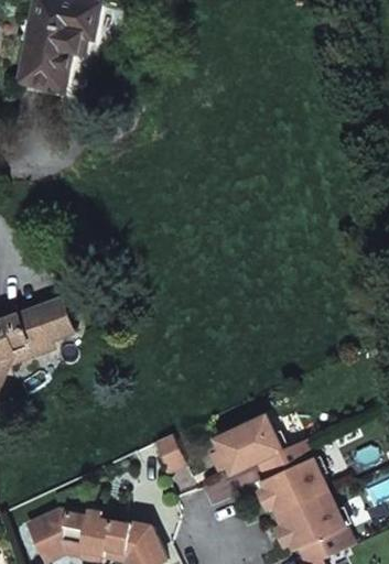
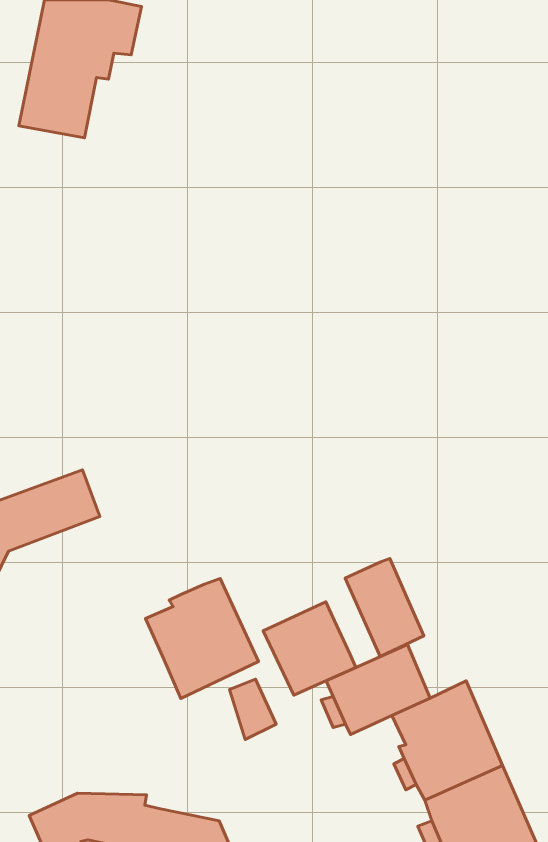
building: none -> [345,558,424,657]
building: none -> [145,579,258,699]
building: none -> [263,602,356,695]

